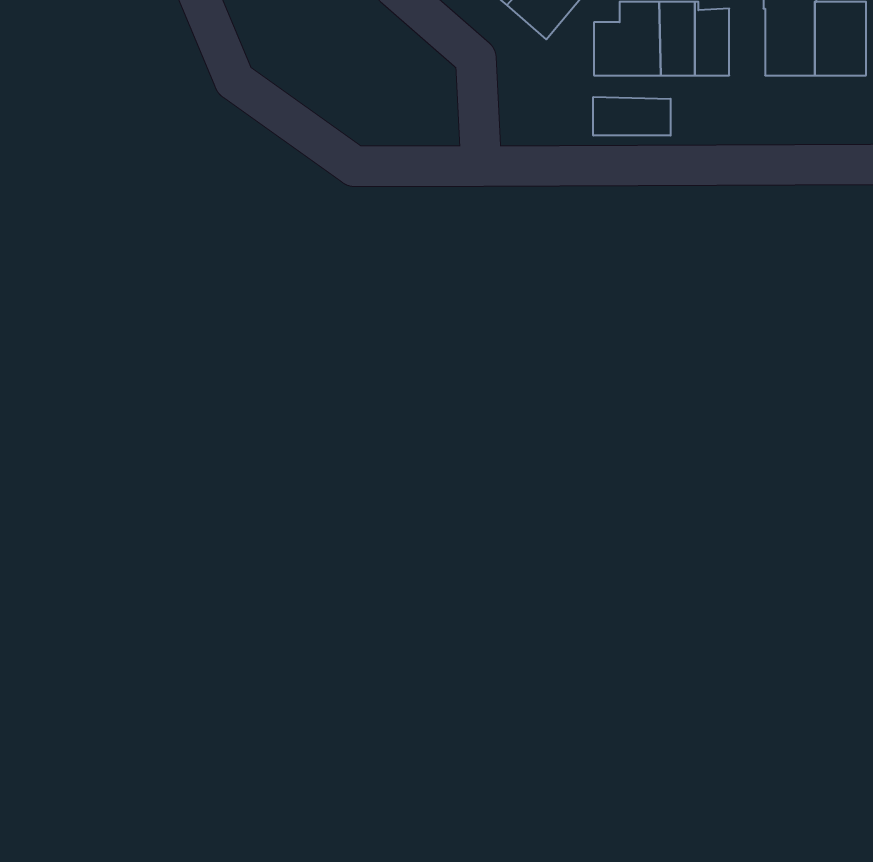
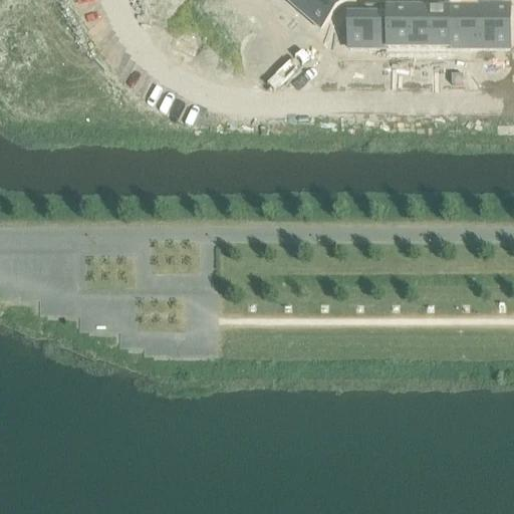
building: none -> [428,5,449,44]
building: [593,97,671,136] -> none

